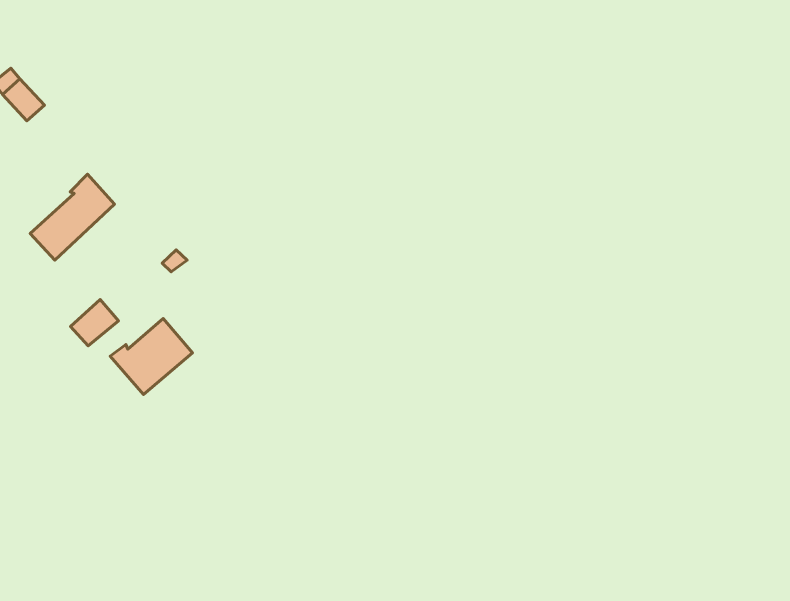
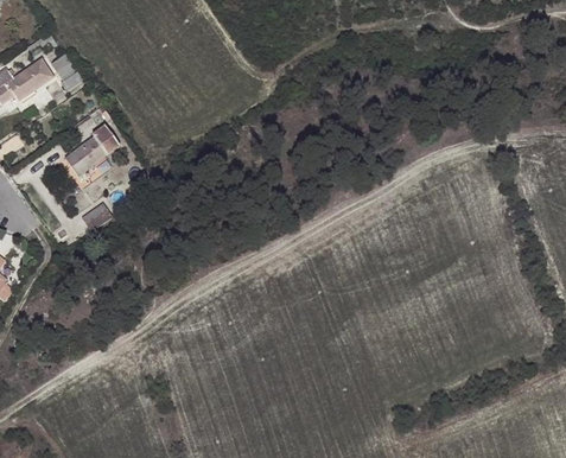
building: [110,318,192,394] -> none

